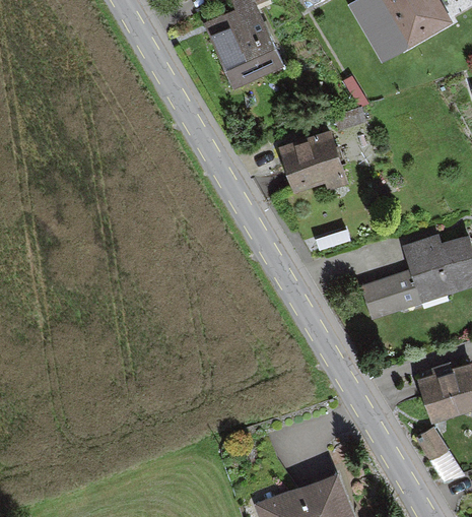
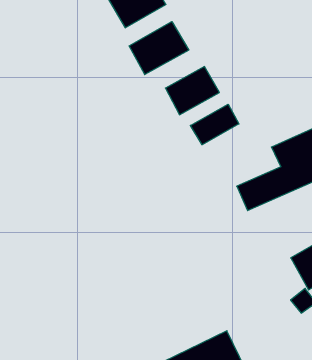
building: none -> [129,22,189,75]
building: none -> [190,104,239,145]

